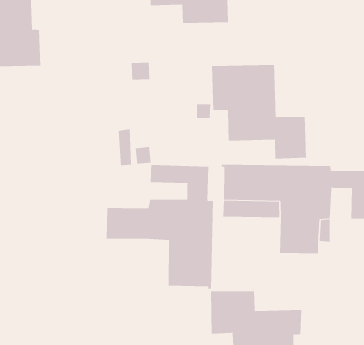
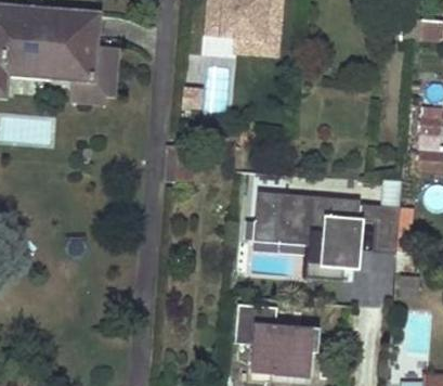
building: [212,64,307,159] -> none
building: [106,164,213,289] -> none

